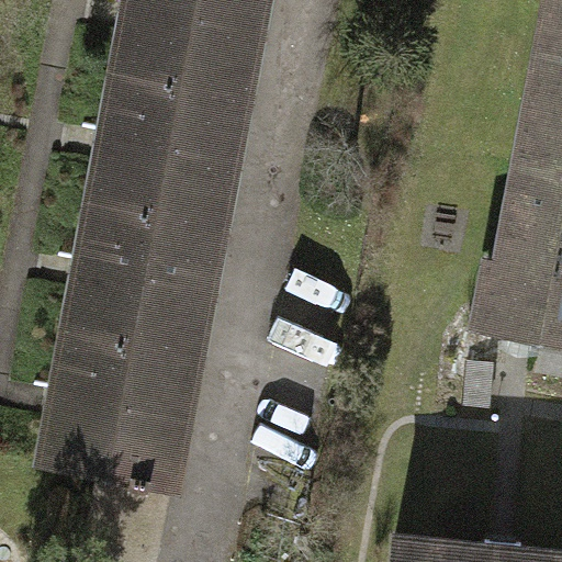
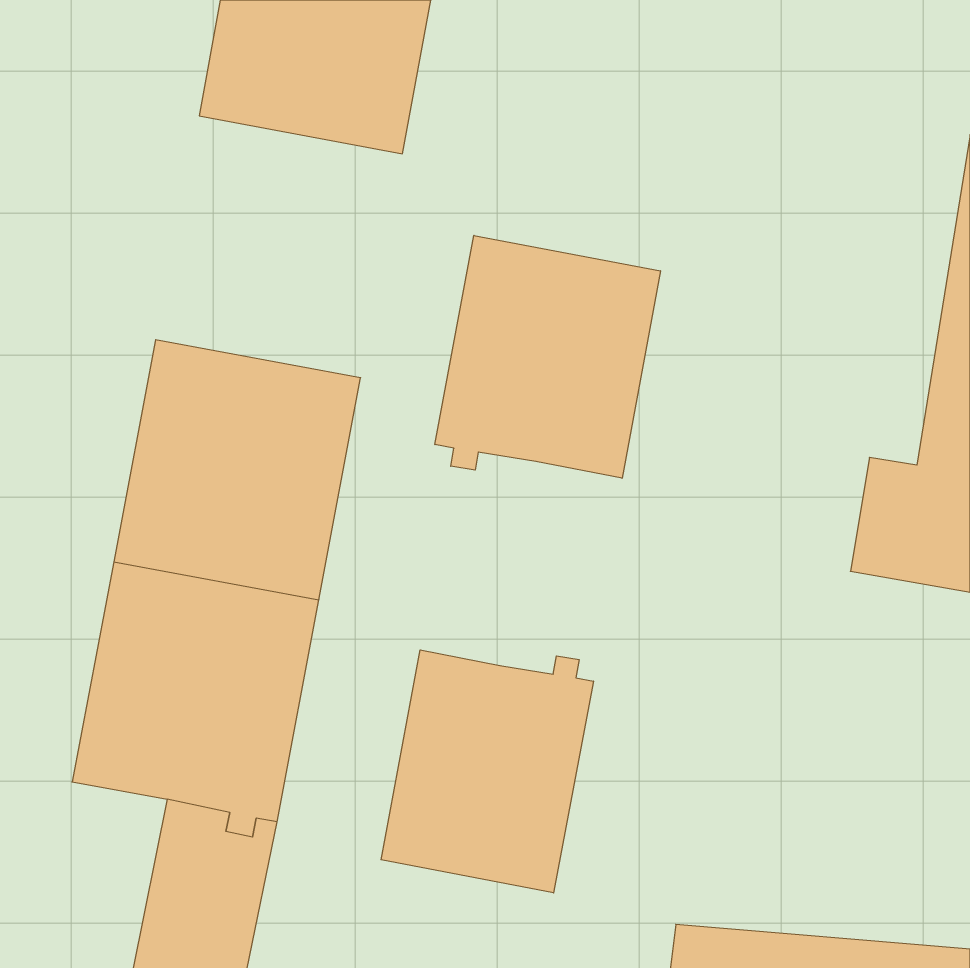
building: [90,68,233,220] -> none
building: none -> [435,235,660,478]
building: none -> [381,650,593,893]

